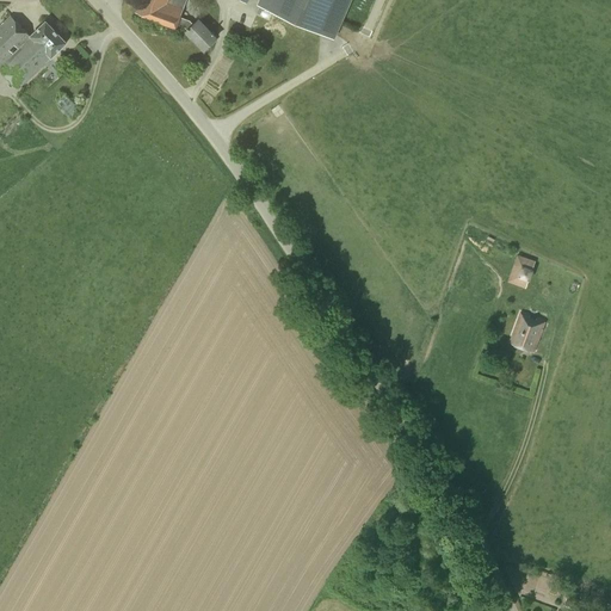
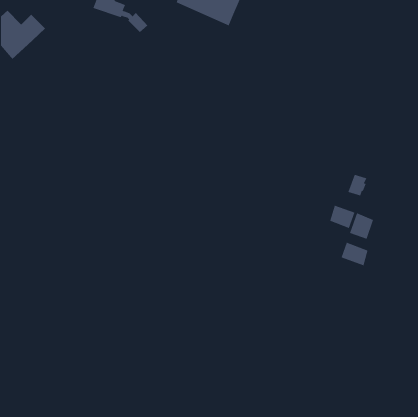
building: none -> [330,205,355,229]
building: none -> [341,242,368,266]

